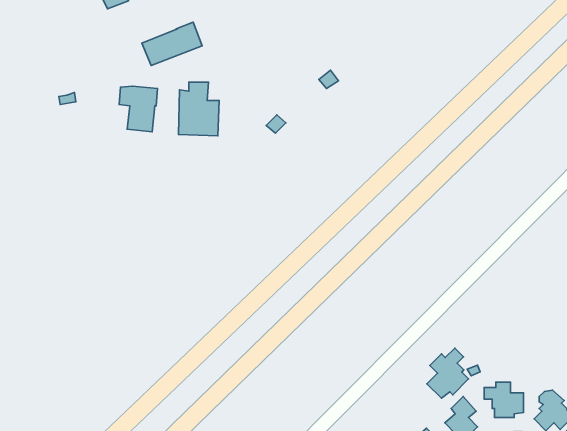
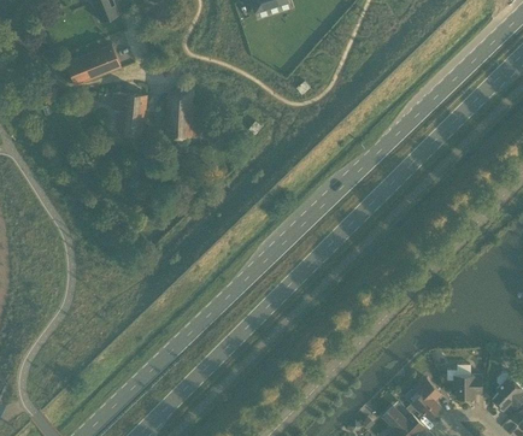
building: [142,22,202,65] -> [65,46,121,86]
building: [427,348,469,398] -> none

